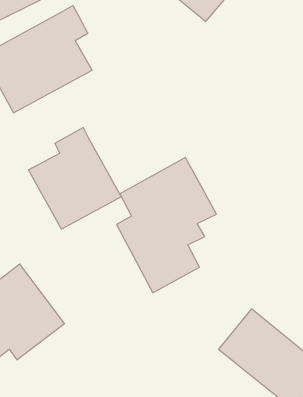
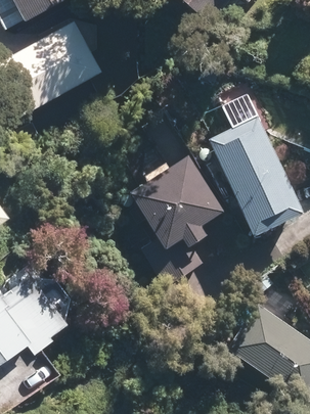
building: none -> [210,97,304,234]
building: [29,128,121,229] -> none

